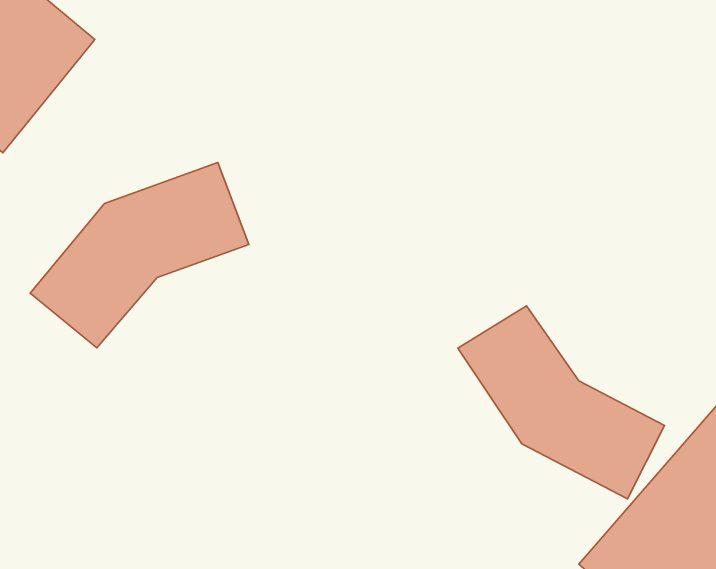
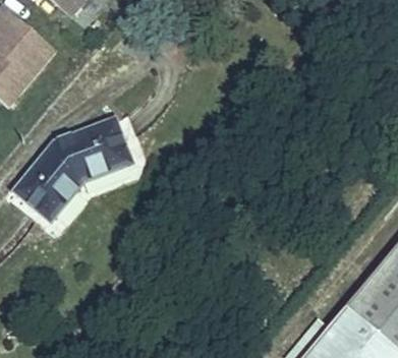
building: [458,306,665,499] -> none

